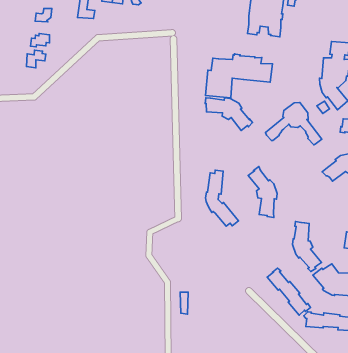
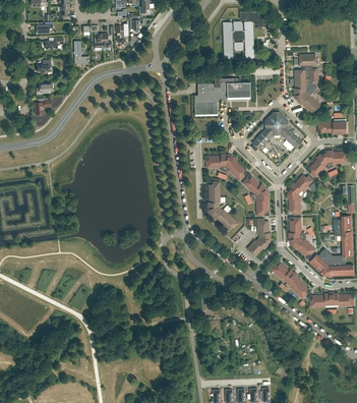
building: [205,98,253,130] -> [204,154,248,180]
building: none -> [288,174,313,214]
building: none -> [247,219,271,256]

